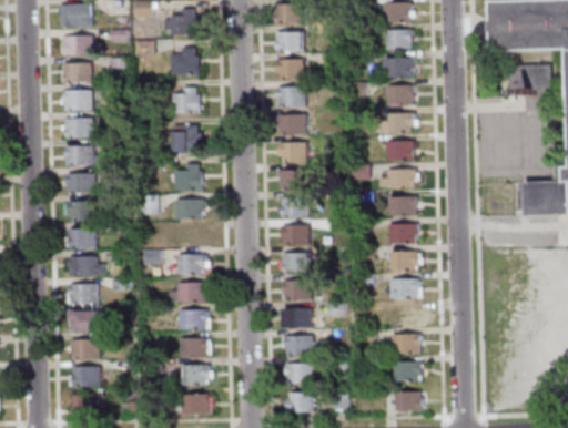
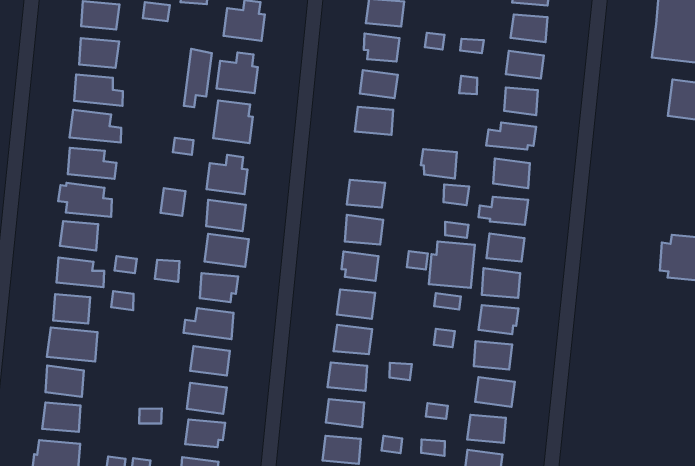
building: none -> [184,49,212,107]
building: [280,142,306,162] -> [421,149,457,178]
building: none -> [429,241,475,288]

